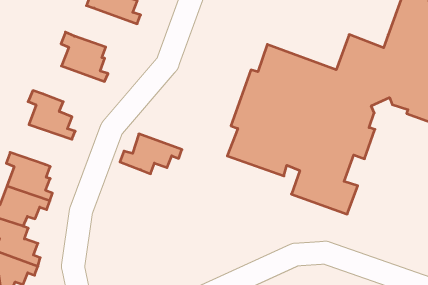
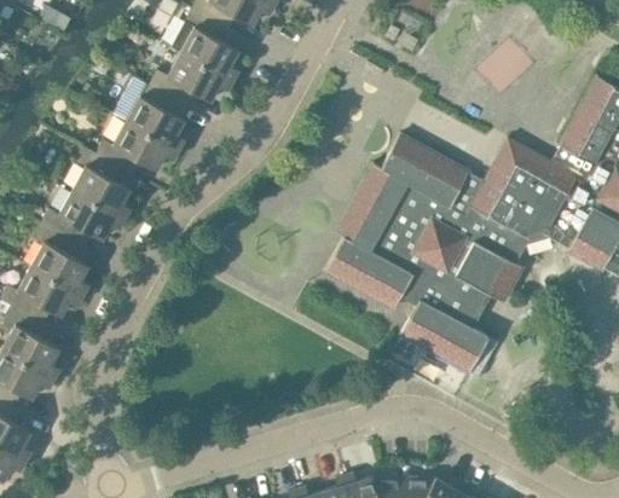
building: none -> [149,52,233,105]
building: none -> [41,191,125,247]
building: [120,134,182,174] -> [96,121,179,175]

